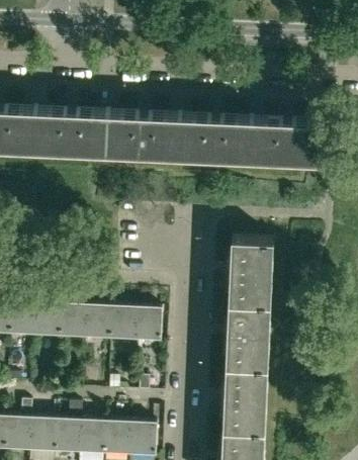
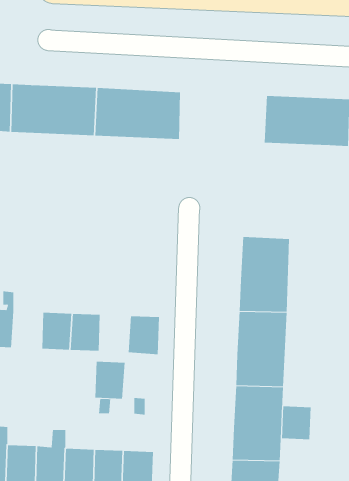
building: [178,116,252,160] -> none
building: [34,303,61,336] -> none
building: [109,306,136,339] -> [95,361,125,399]
building: none -> [282,406,311,440]

